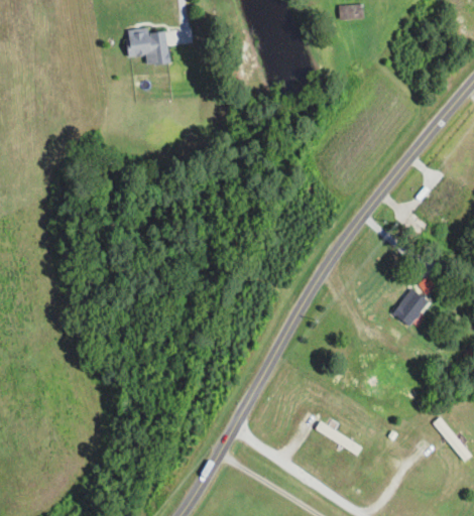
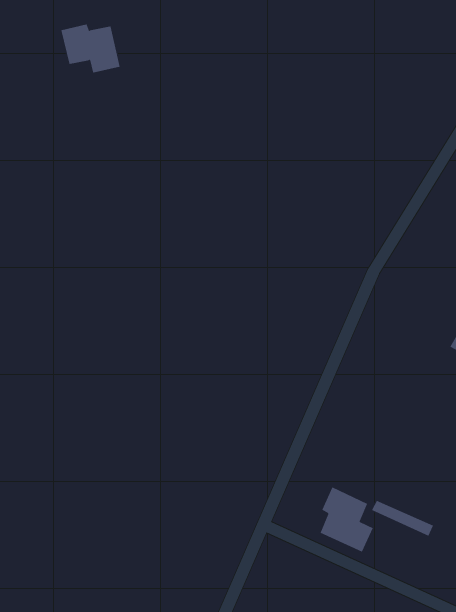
building: none -> [320,487,373,553]

